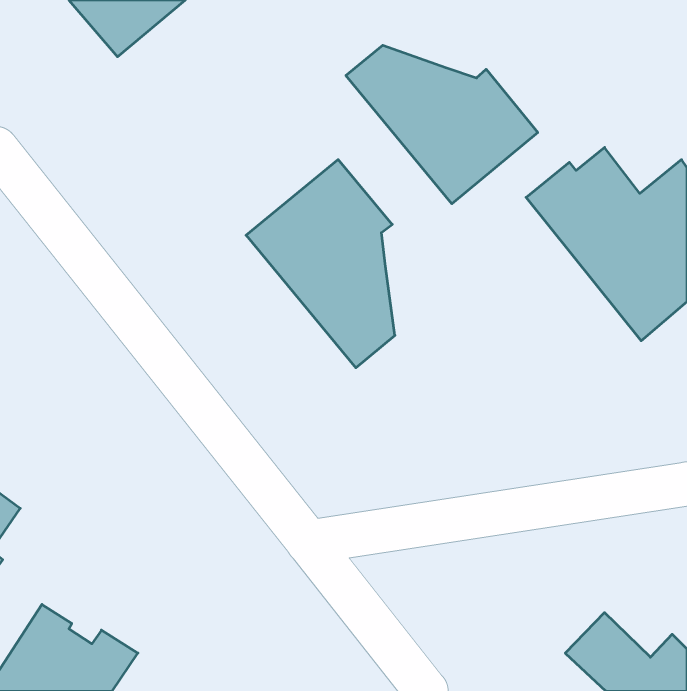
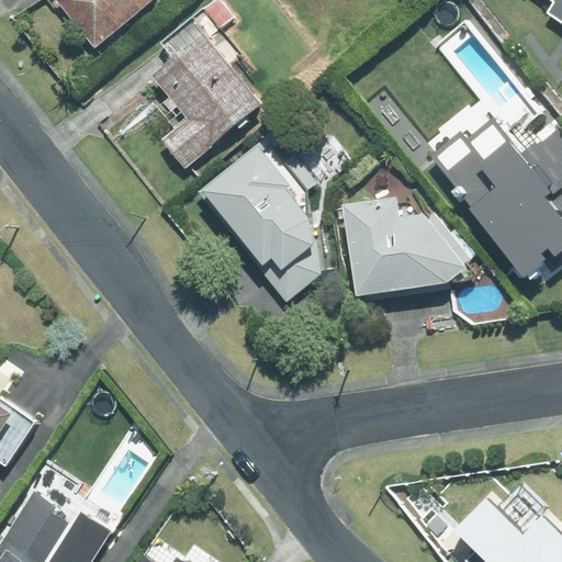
building: none -> [156,34,265,167]
building: [346,45,538,204] -> none
building: none -> [346,195,468,296]

